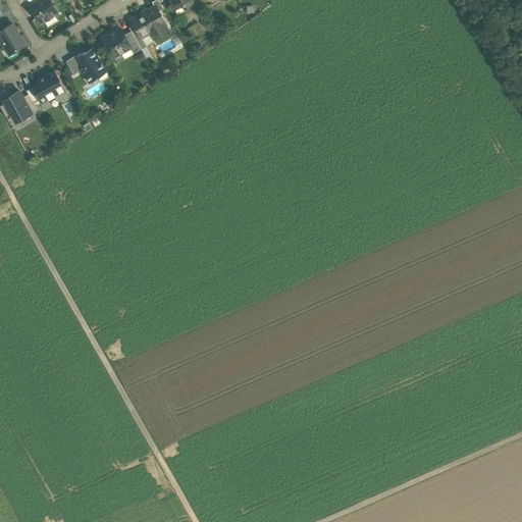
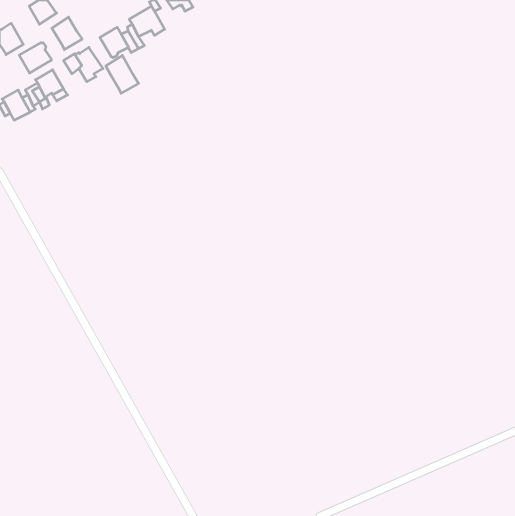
building: none -> [52,17,82,50]
building: none -> [19,43,51,73]
building: none -> [106,55,139,93]

